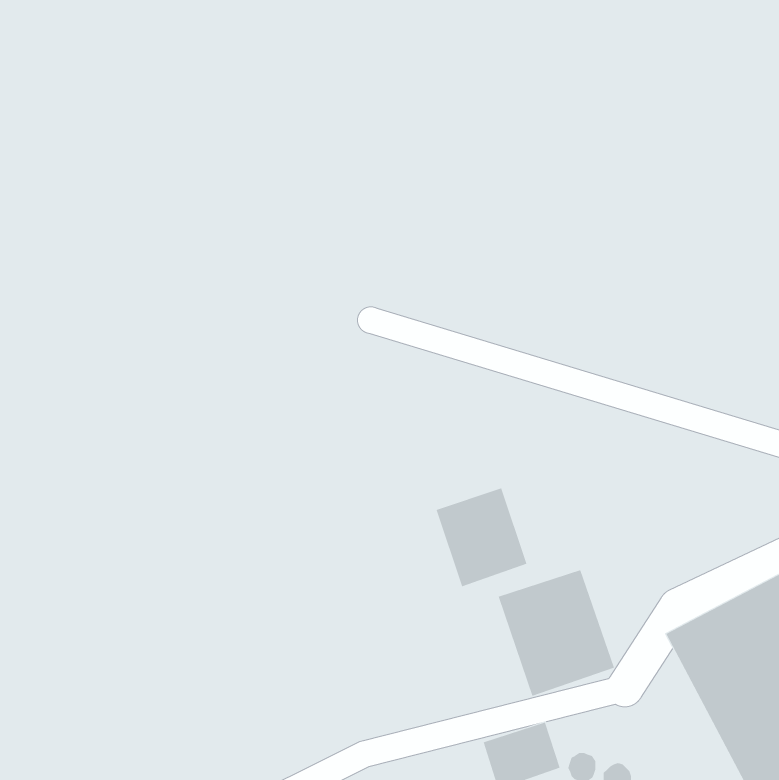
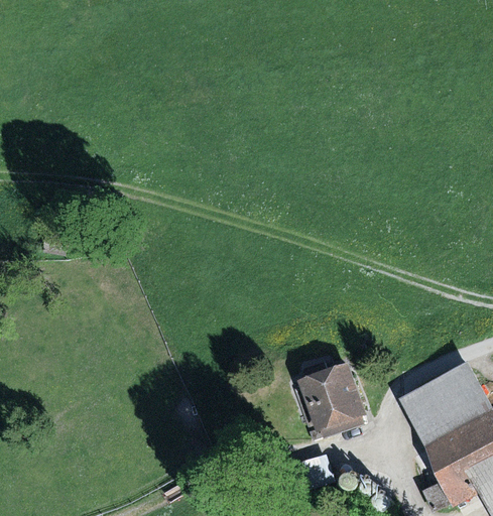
building: [436,488,527,587] -> none

